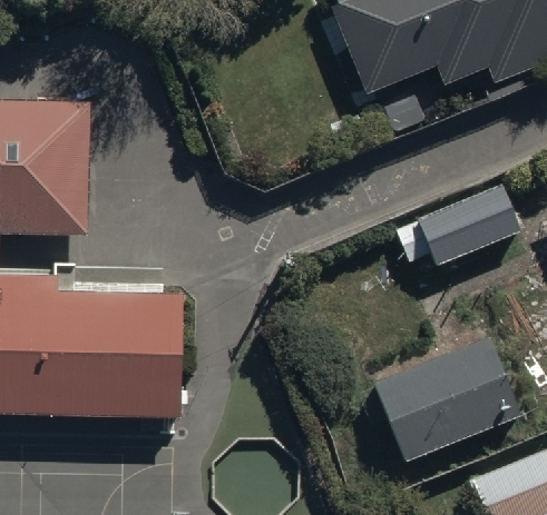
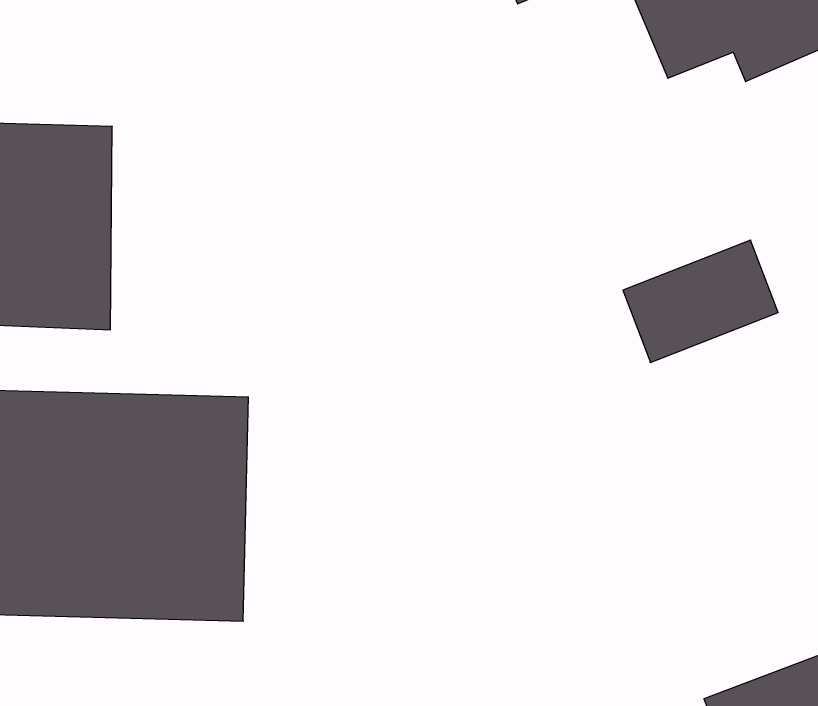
building: [364,315,522,468] -> none

